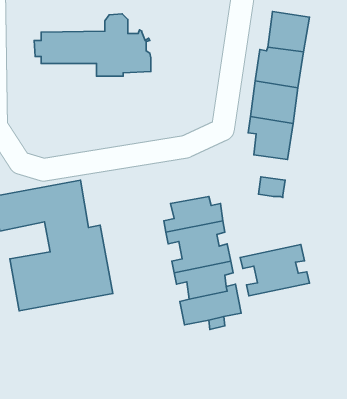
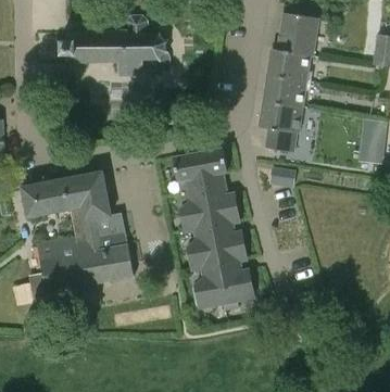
building: none -> [173,147,226,192]
building: [240,244,309,296] -> none

